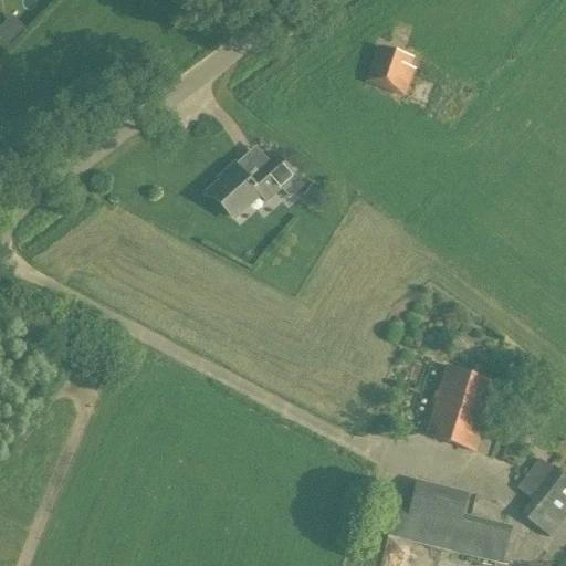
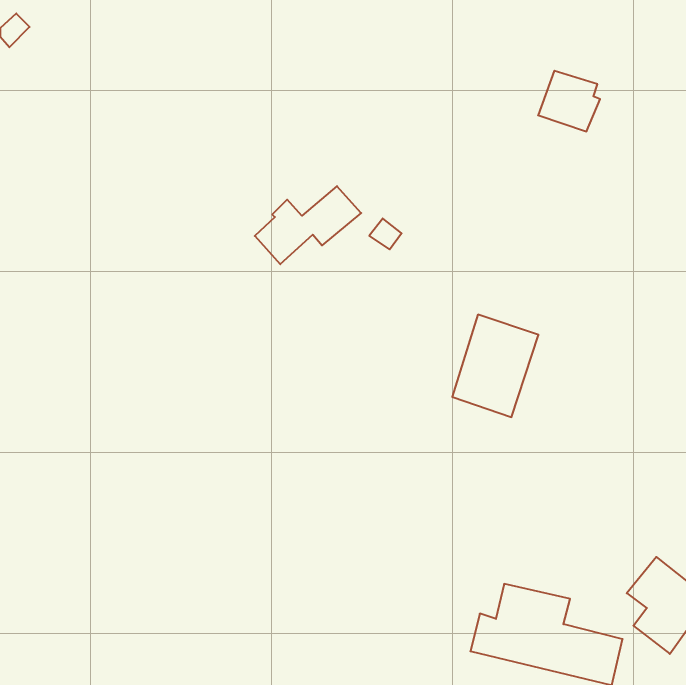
building: [366,44,417,94] -> [538,71,600,131]
building: [427,366,497,450] -> [452,315,539,417]

